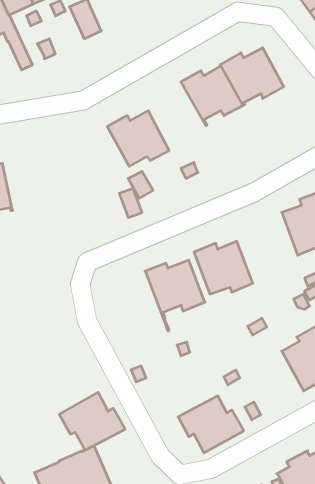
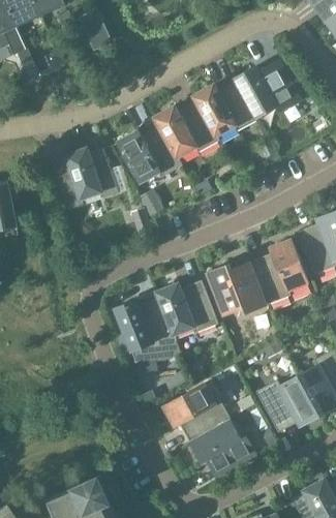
building: none -> [153,101,218,167]
building: none -> [51,148,128,207]
building: none -> [250,240,307,305]
building: none -> [113,298,178,363]
building: none -> [254,375,319,433]
building: [59,392,125,450] -> [162,384,231,444]

